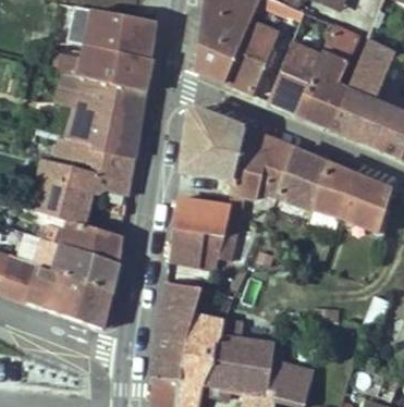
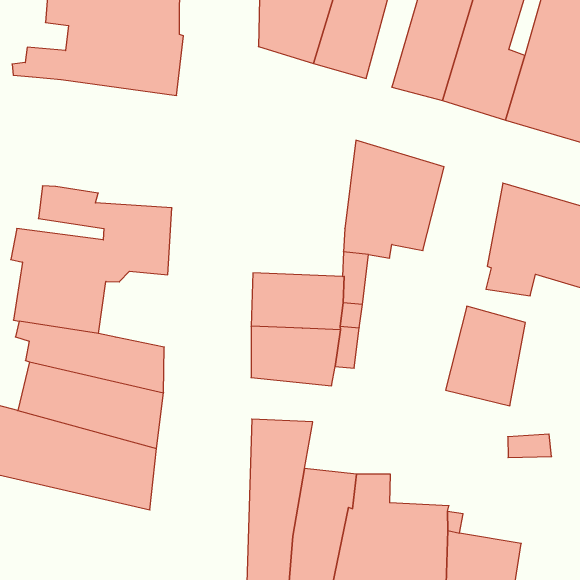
building: [56,73,145,157] -> none
building: [181,109,245,180] -> none
building: [277,150,327,210] -> [446,306,525,406]

